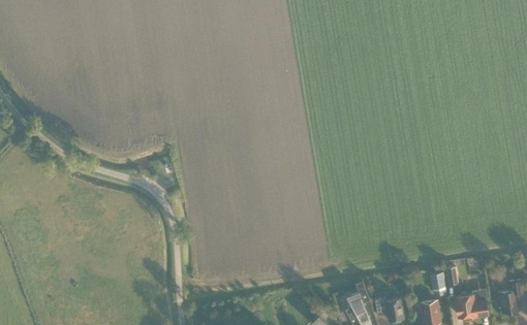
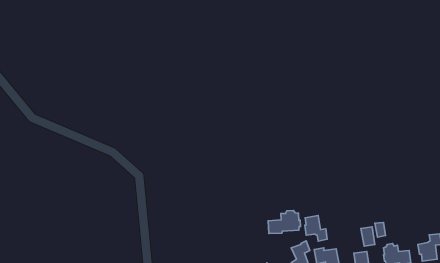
building: none -> [268,211,300,233]
building: none -> [305,215,327,241]

